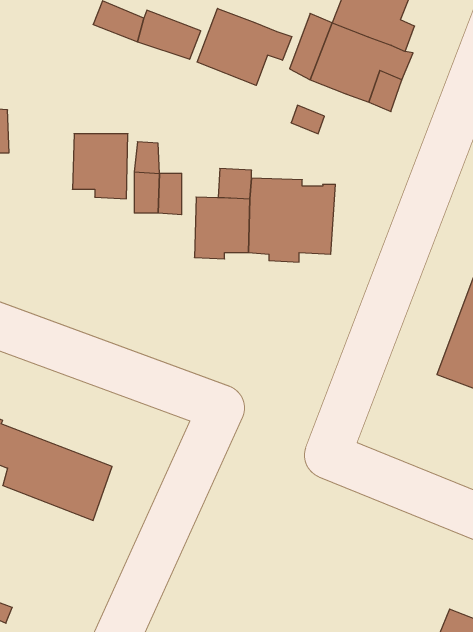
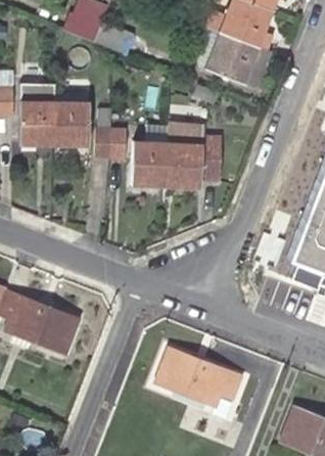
building: [197,8,292,85] -> none
building: none -> [20,84,53,143]
building: none -> [156,349,240,405]

